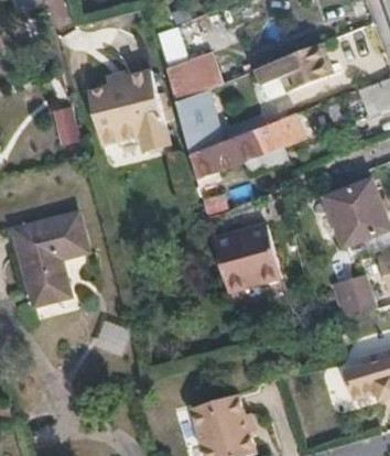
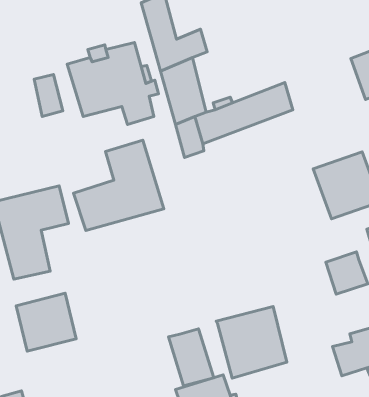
building: [257,43,331,96] -> none
building: none -> [73,140,164,231]
building: [213,224,281,293] -> [216,307,287,378]
building: none -> [16,293,76,351]
building: none -> [168,329,214,386]

